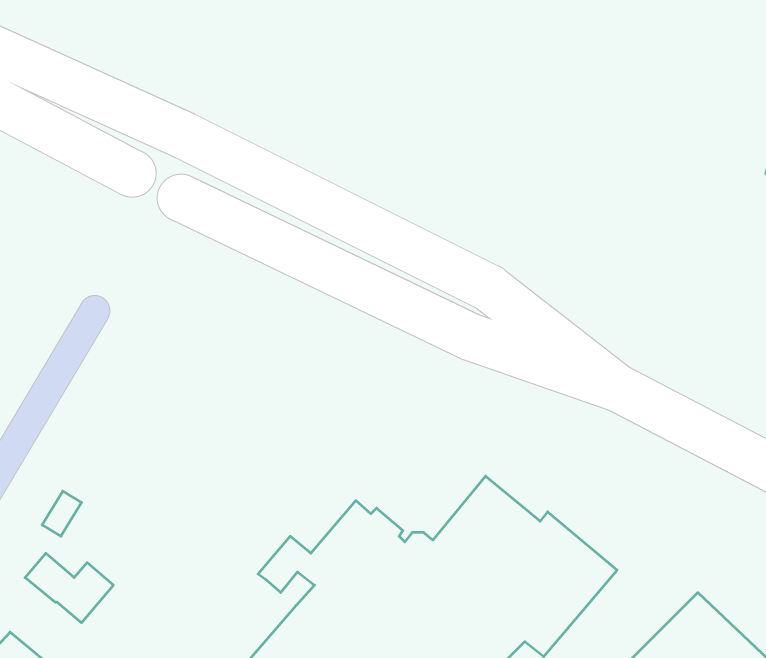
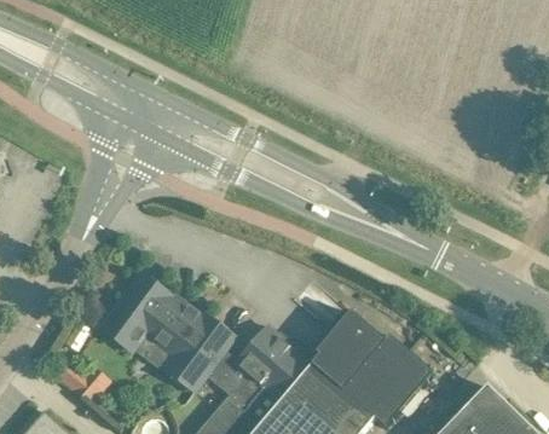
building: none -> [102,277,233,397]

